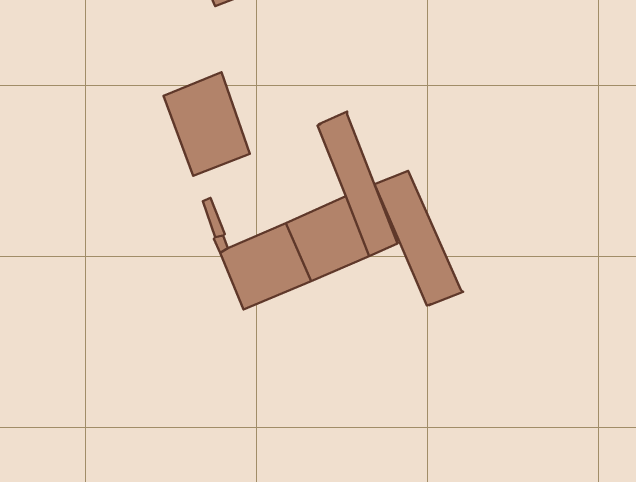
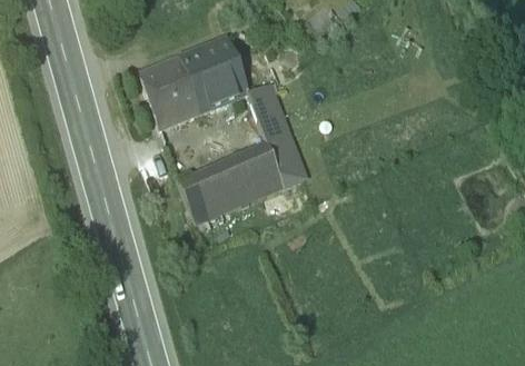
building: none -> [181,36,251,112]
building: [374,171,463,305] -> none

